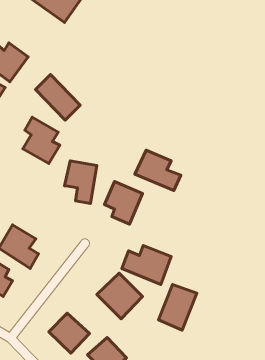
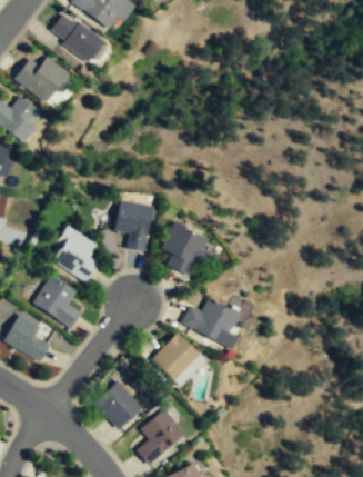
building: [36,75,80,120] -> [50,10,103,64]
building: [23,117,60,164] -> [56,226,100,281]
building: [135,150,181,190] -> none
building: [158,284,197,330] -> none

